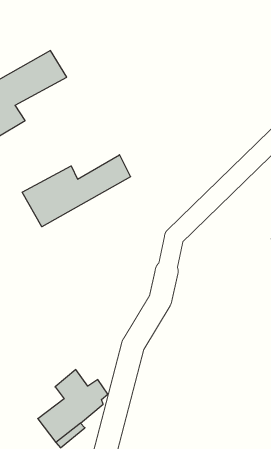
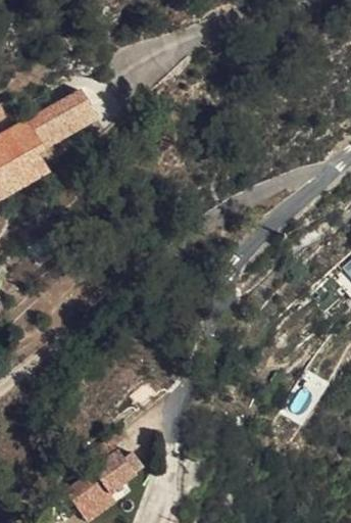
building: [22,155,131,227] -> none

